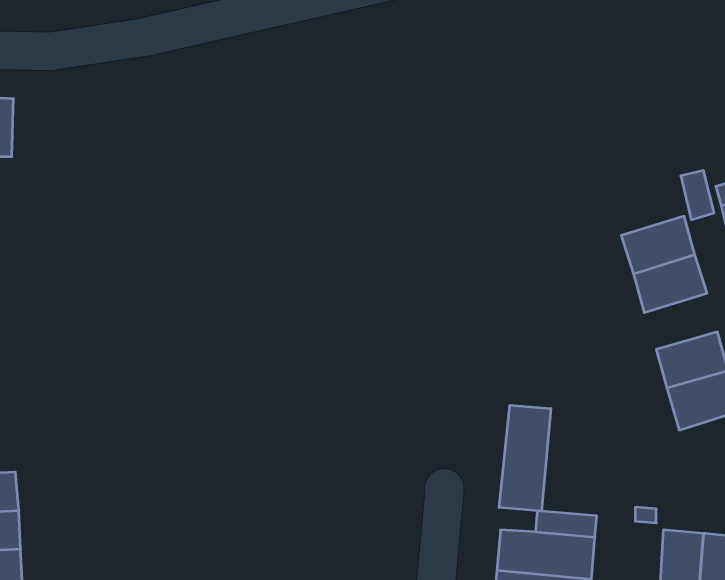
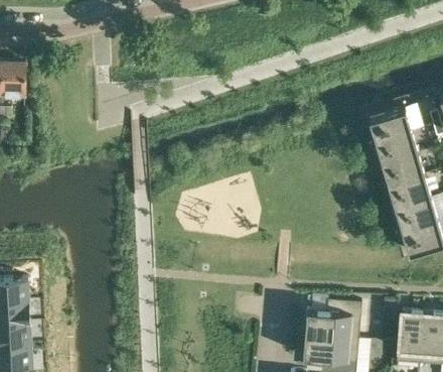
building: none -> [368,106,411,140]
building: none -> [388,173,430,206]
building: [499,405,551,511] -> none

